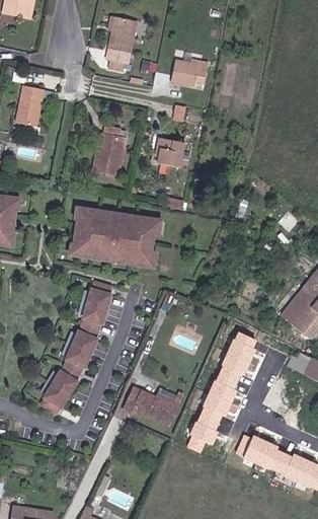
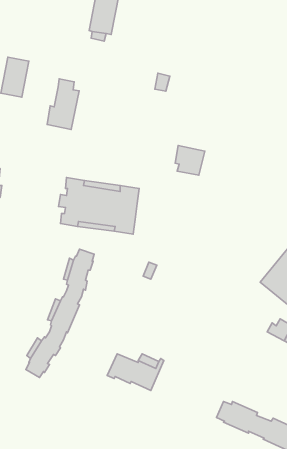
building: [171,60,209,86] -> none
building: [93,125,126,176] -> [47,79,79,130]
building: [155,137,185,167] -> [175,145,205,175]
building: [188,331,254,453] -> none

